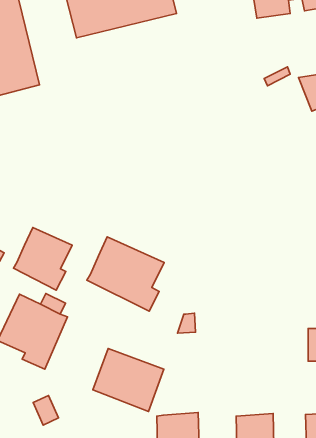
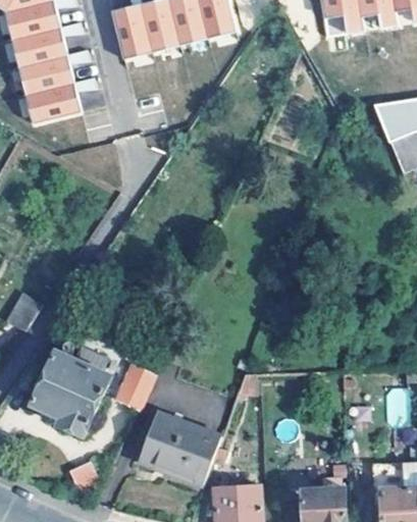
building: [13,227,72,290] -> none
building: [87,237,164,311] -> none
building: none -> [118,366,154,408]

